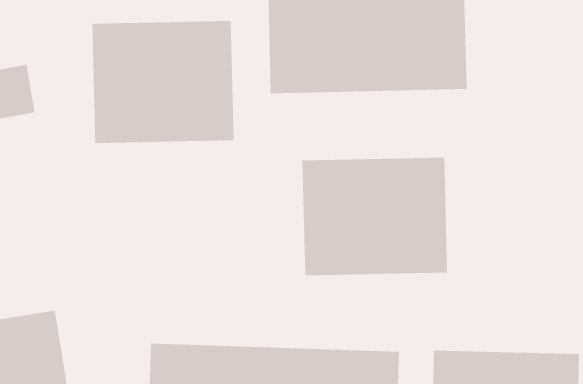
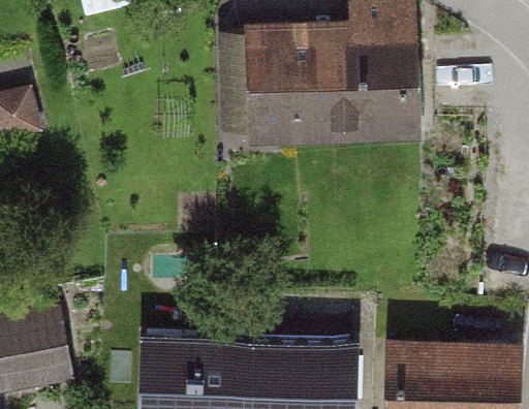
building: [92,20,234,144] -> none
building: [302,157,448,276] -> none

